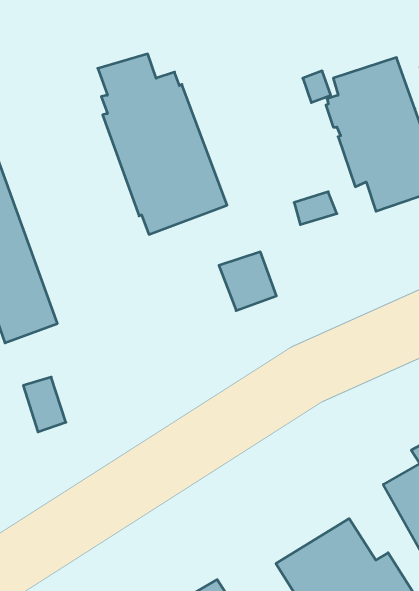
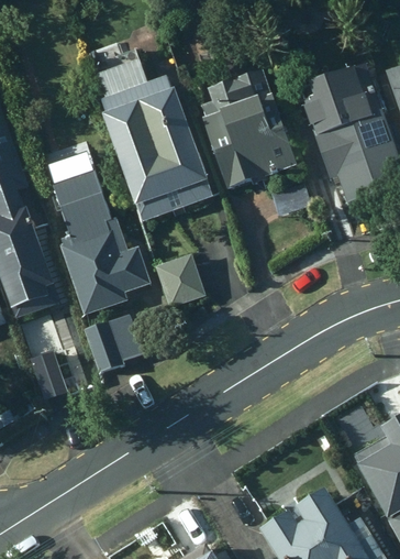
building: none -> [202,67,298,187]
building: none -> [54,177,152,314]
building: [219,252,276,311] -> [156,253,208,306]
building: none -> [85,313,145,372]

